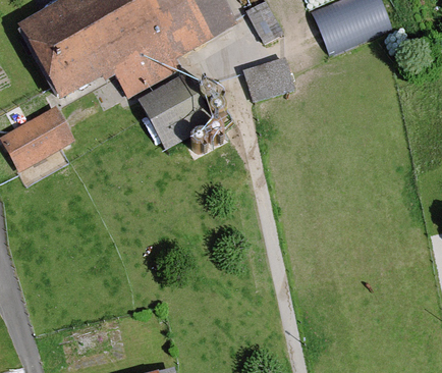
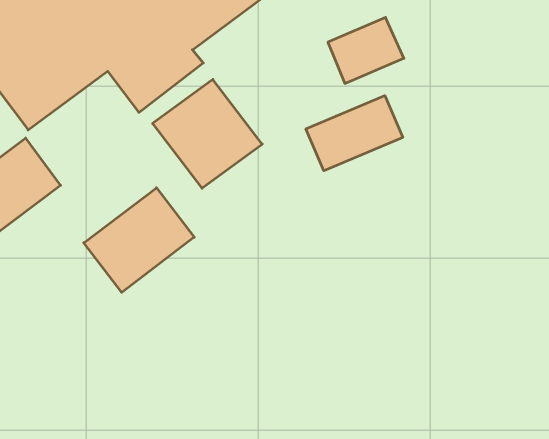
building: none -> [306,96,403,171]
building: none -> [84,188,194,292]

